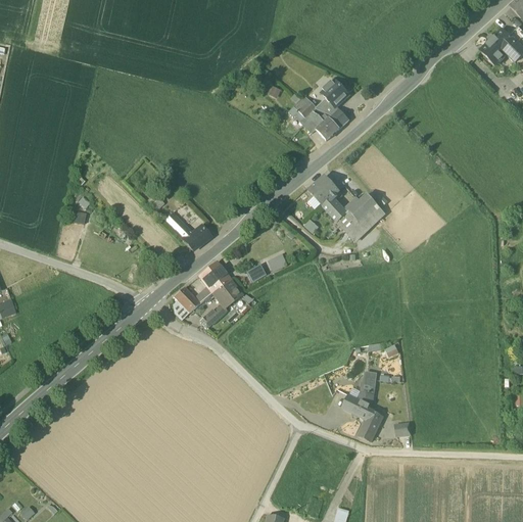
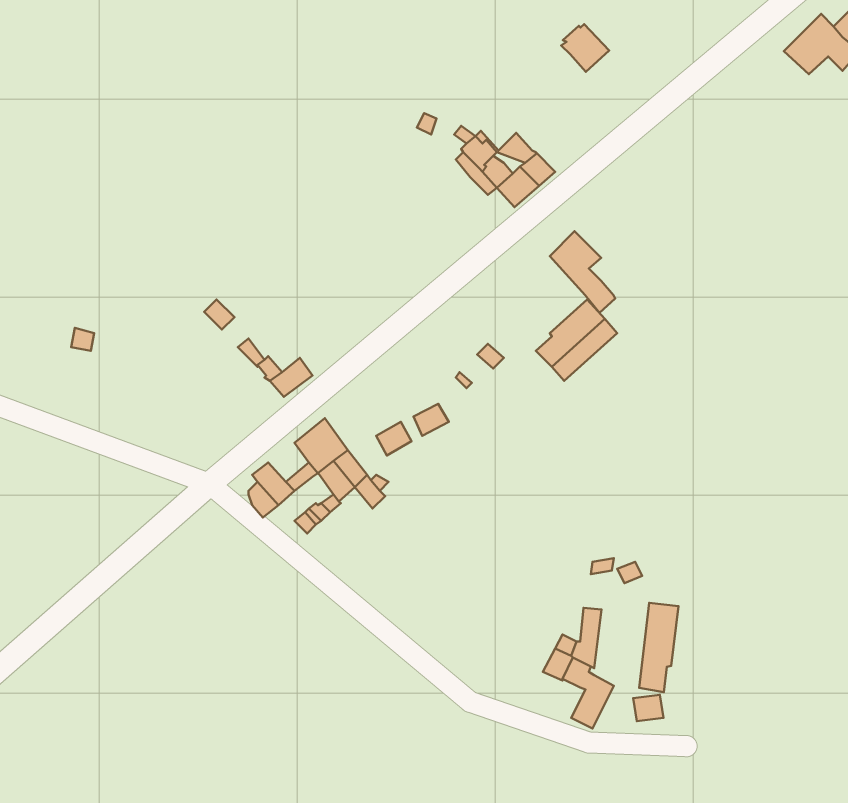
building: [322,80,349,107] -> [561,24,609,72]
building: [310,176,347,223] -> [550,231,615,313]
building: none -> [639,603,678,692]

